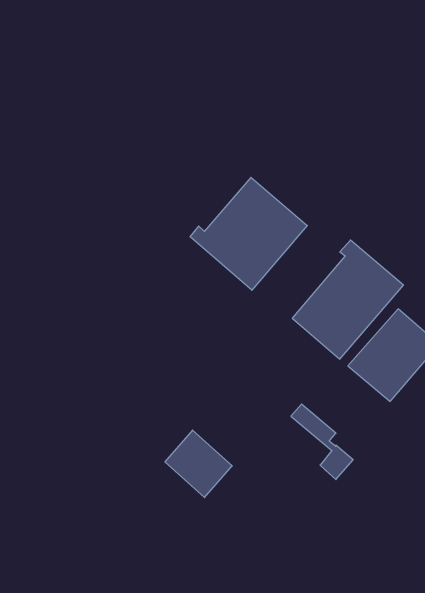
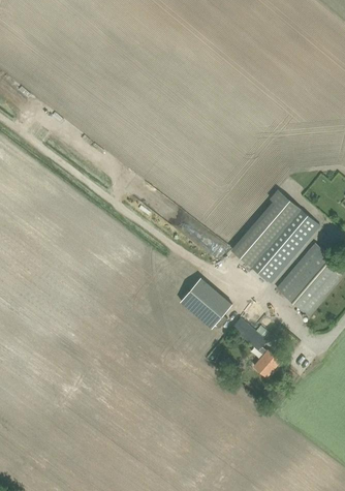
building: [190,177,307,290] -> none
building: [165,430,232,498] -> [181,277,233,330]

